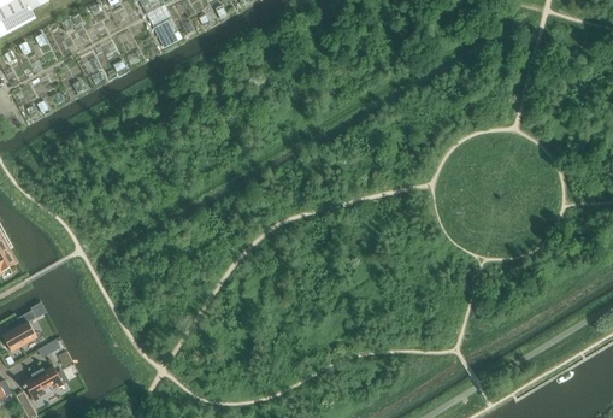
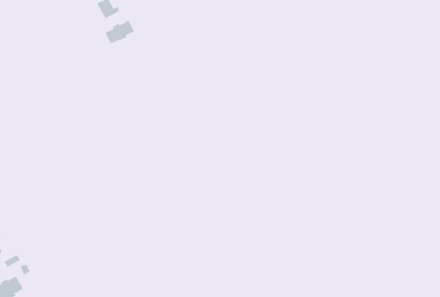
building: none -> [105,20,135,44]

